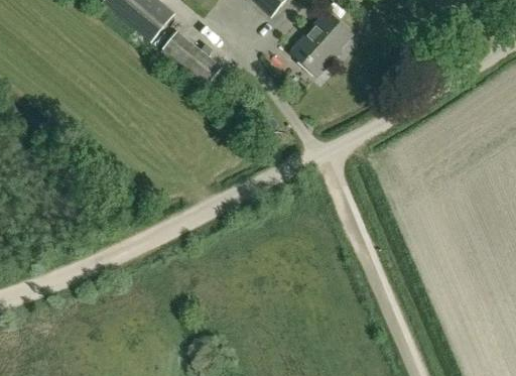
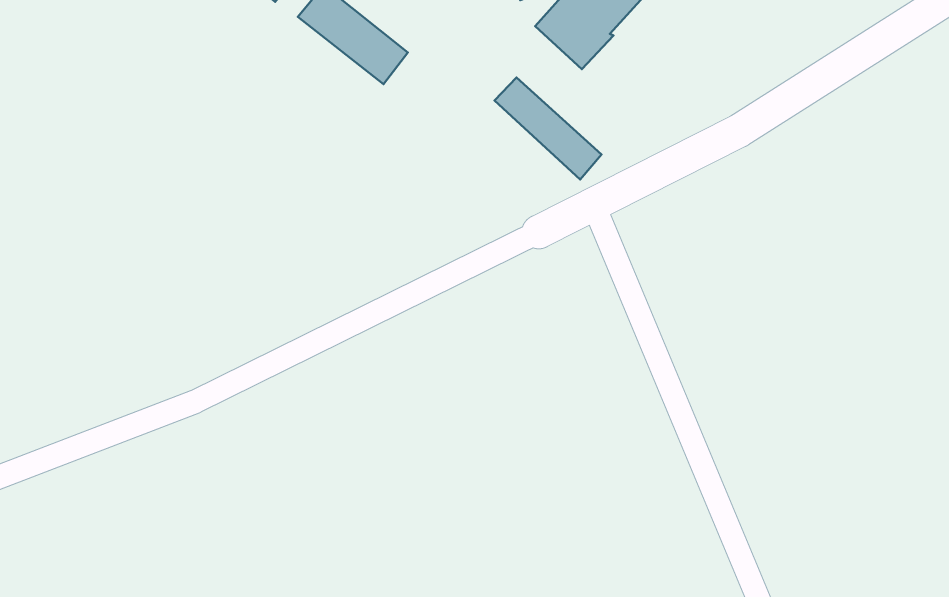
building: none -> [495,78,601,179]

